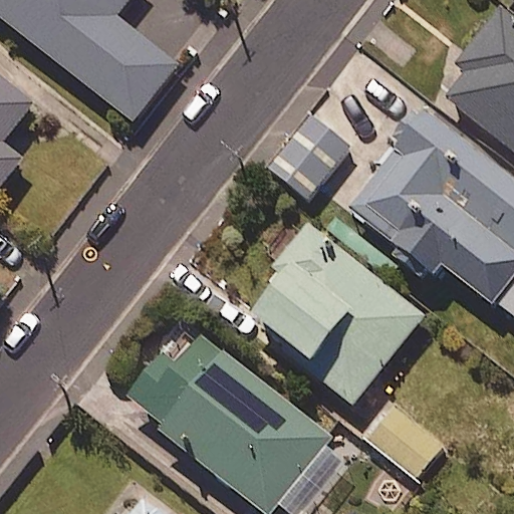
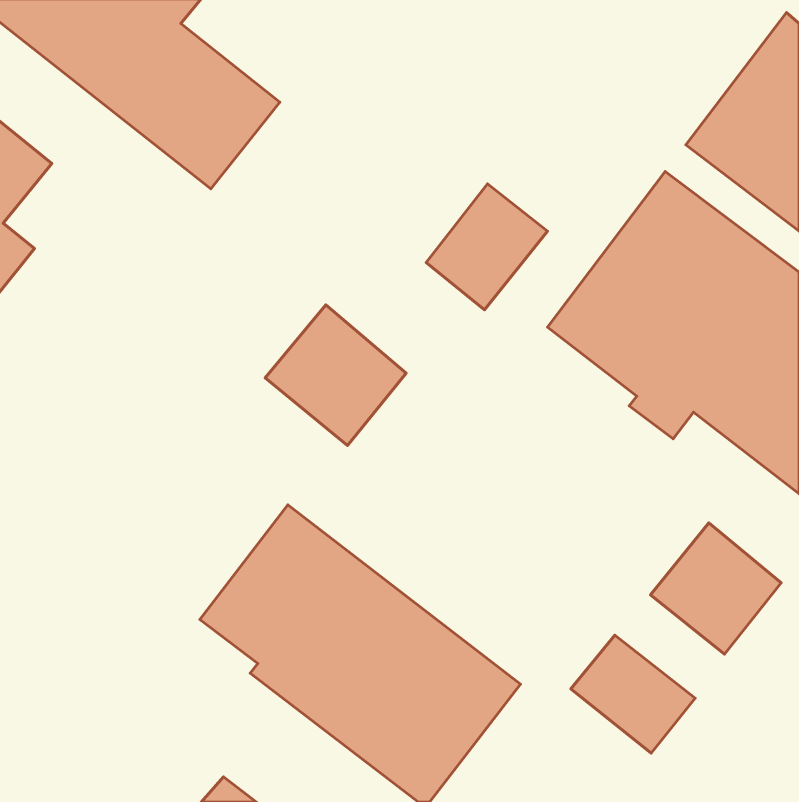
building: none -> [265,305,406,446]
building: [255,224,425,405] -> none
building: none -> [651,523,781,654]

